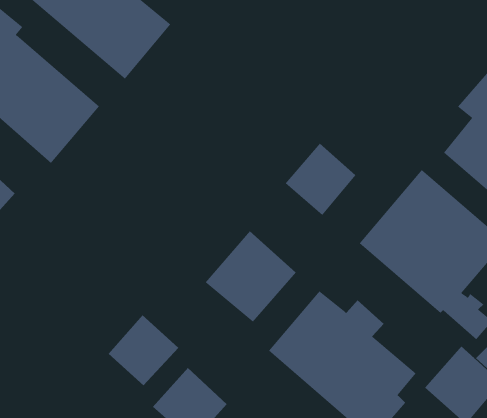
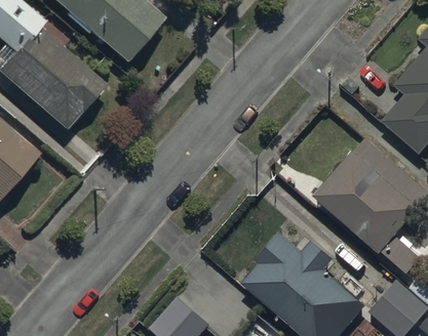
building: [285,143,356,216] -> none
building: [205,231,296,323] -> none
building: [108,314,179,386] -> none

